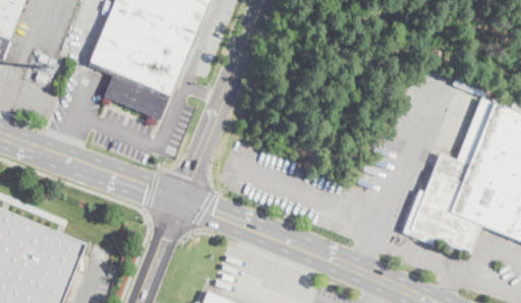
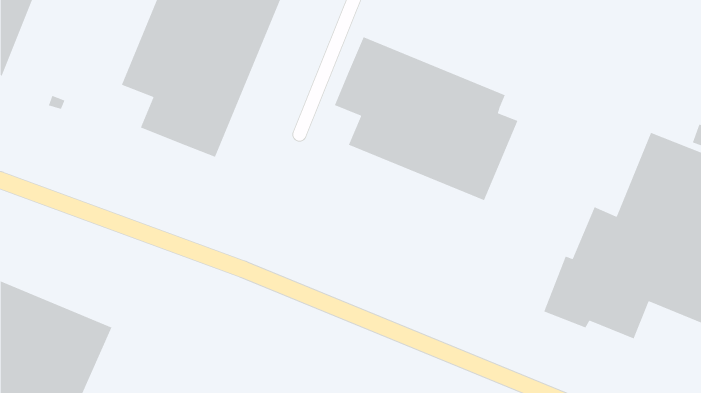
building: none -> [334,36,518,201]

